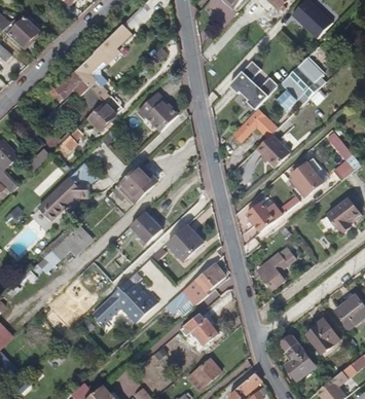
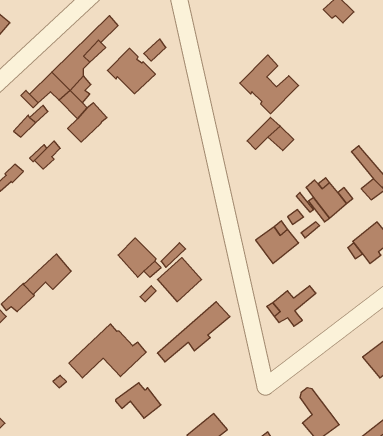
building: [278,56,327,109] -> none
building: [137,94,177,132] -> [107,48,155,94]
building: [257,134,289,166] -> none
building: [119,161,158,201] -> none
building: [39,162,100,218] -> none
building: [181,313,219,342] -> [116,383,161,418]
building: [306,318,340,354] -> none

